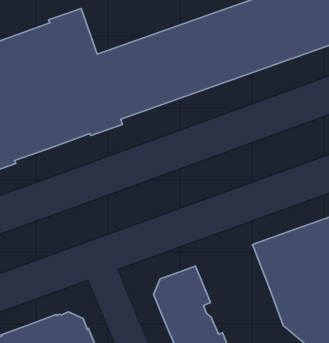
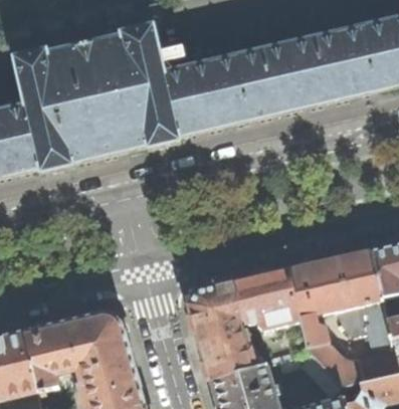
building: none -> [231,268,301,329]

